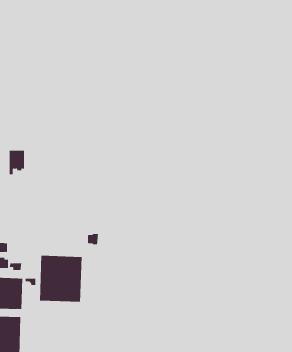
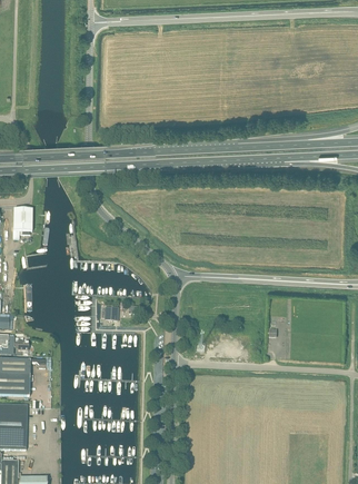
building: [39,255,82,303] -> none

